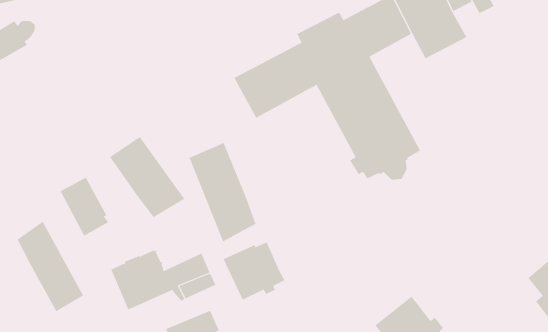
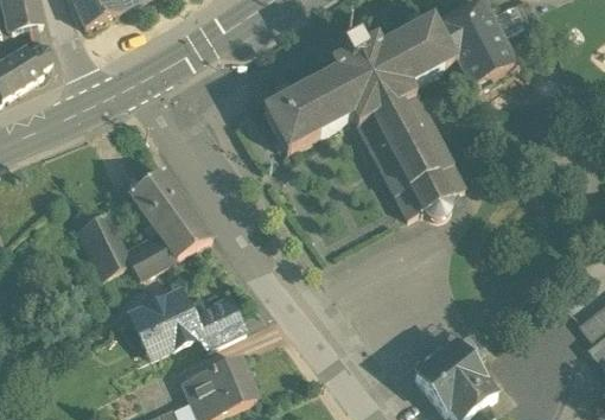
building: [189,142,256,242] -> none
building: none -> [125,237,177,279]
building: [17,221,84,312] -> none
building: [223,241,285,300] -> none

